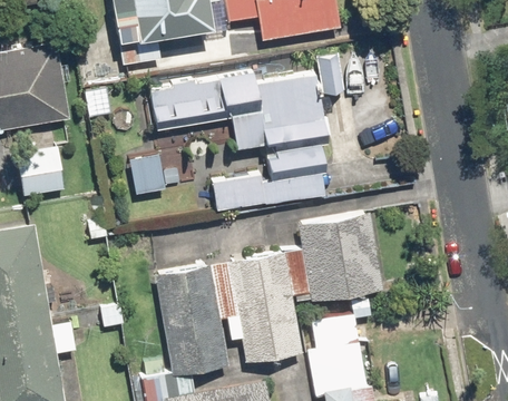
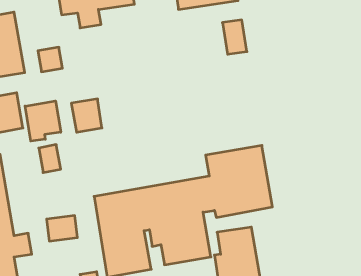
building: [150,71,323,148] -> none
building: [212,146,328,211] -> none
building: none -> [25,101,61,141]

